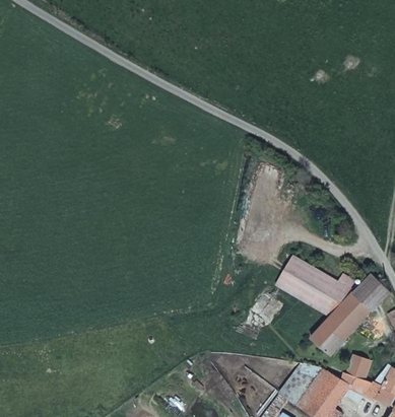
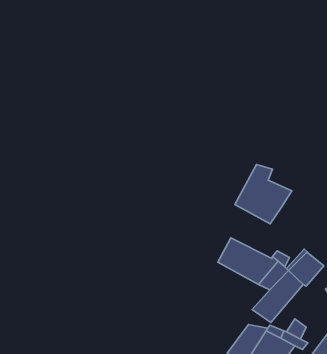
building: none -> [235,164,292,224]

